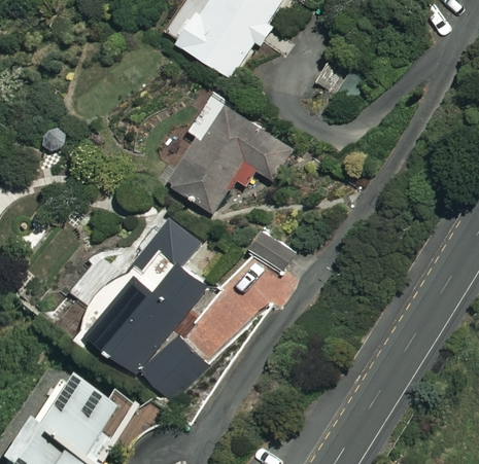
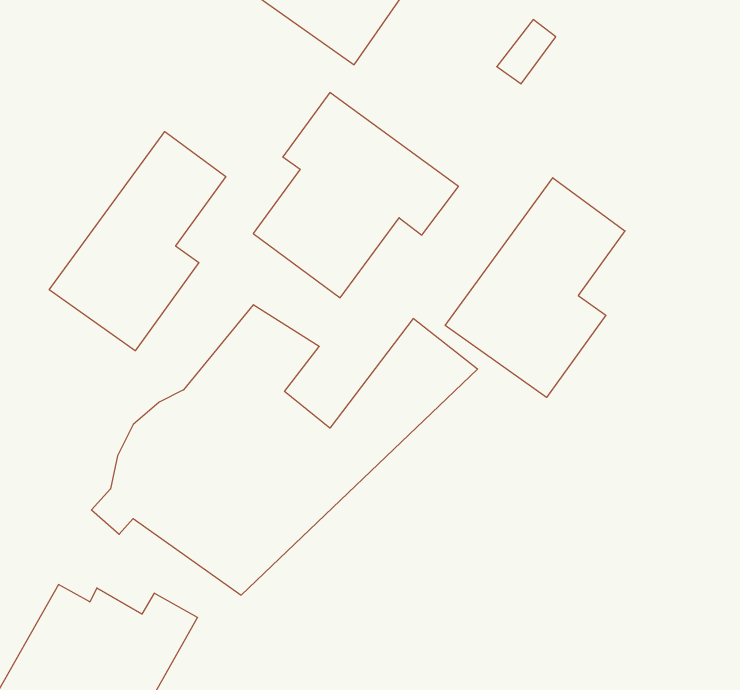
building: none -> [49,132,226,351]
building: none -> [445,178,625,397]

